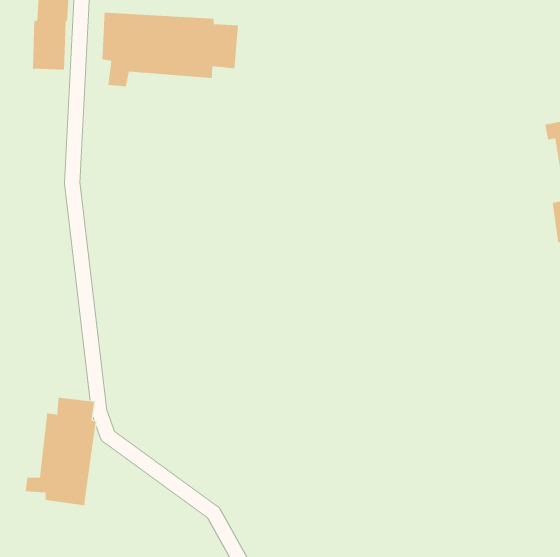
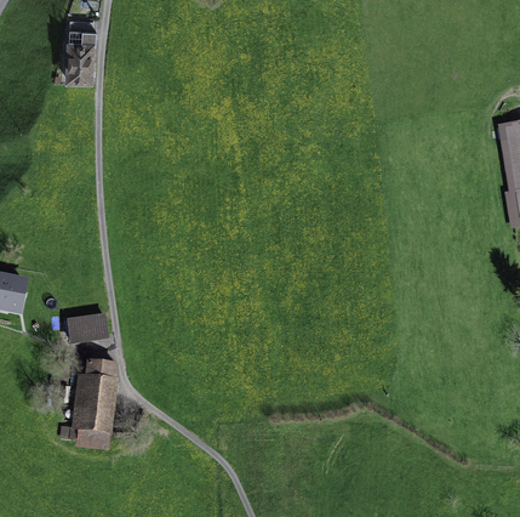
building: [102,12,239,87] -> none
building: none -> [67,313,109,345]

